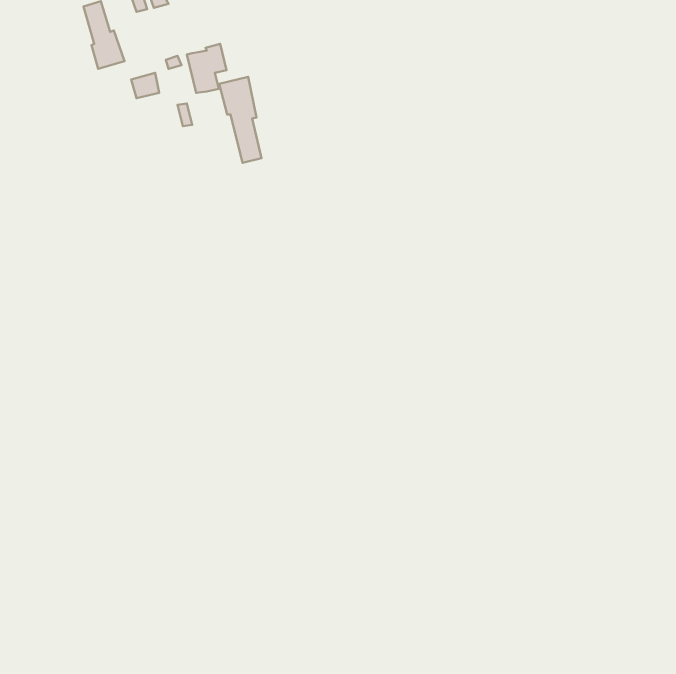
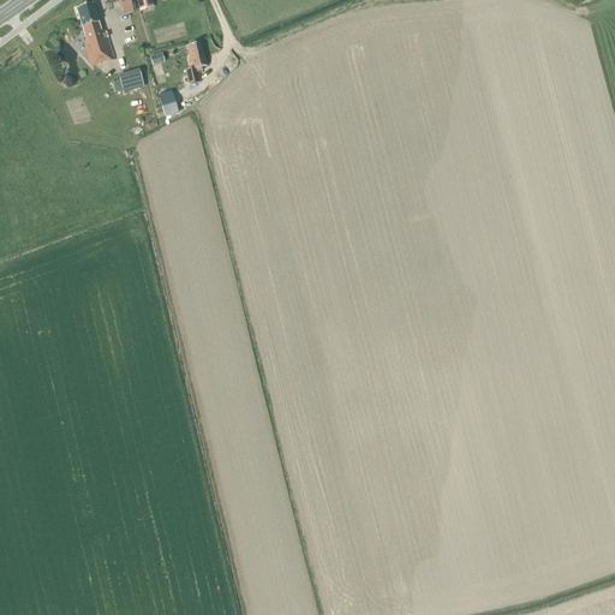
building: [219,77,262,163] -> none

